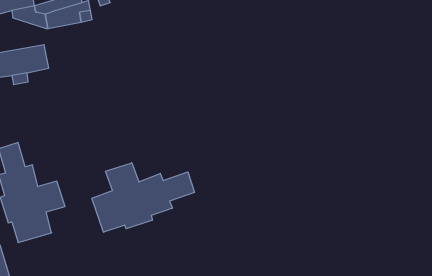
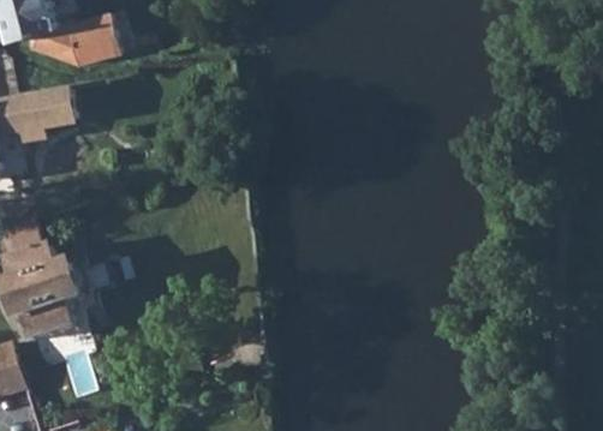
building: [92,163,195,232] -> none

